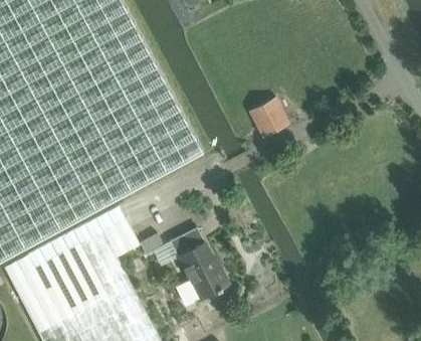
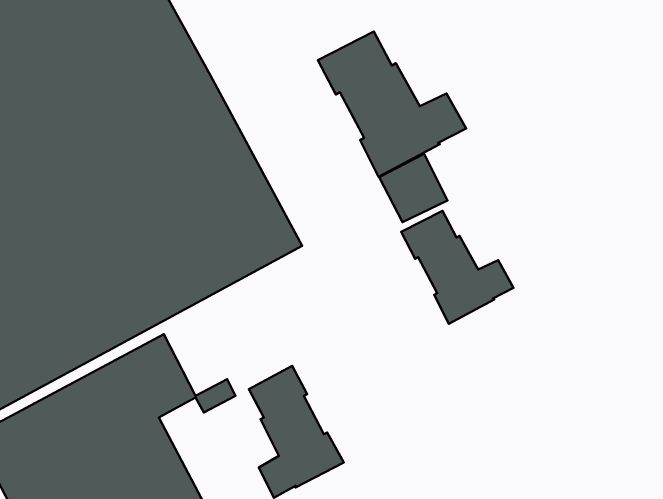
building: none -> [318,31,466,177]
building: none -> [401,211,513,324]

